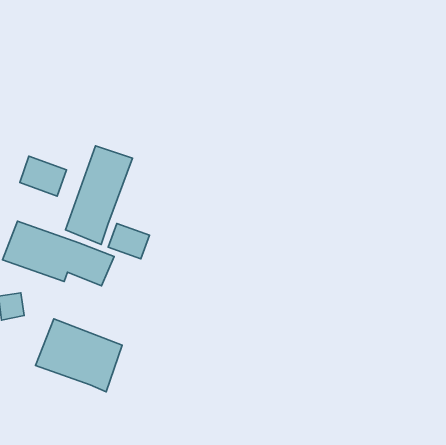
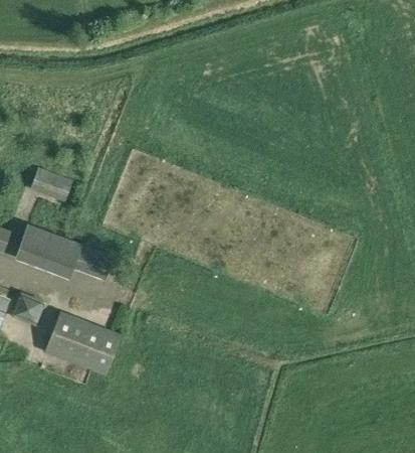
building: [66,146,132,244] -> none
building: [108,224,150,259] -> none

